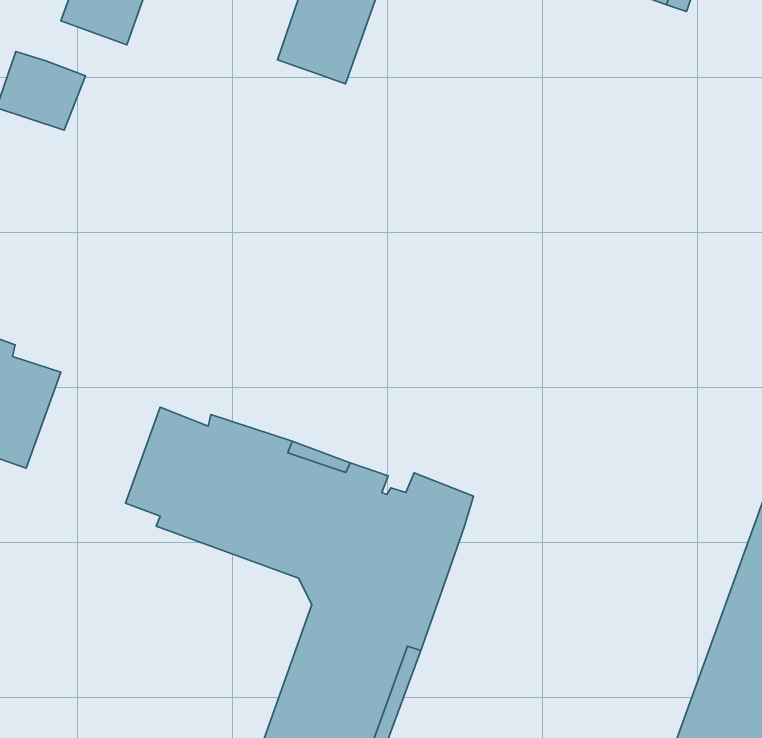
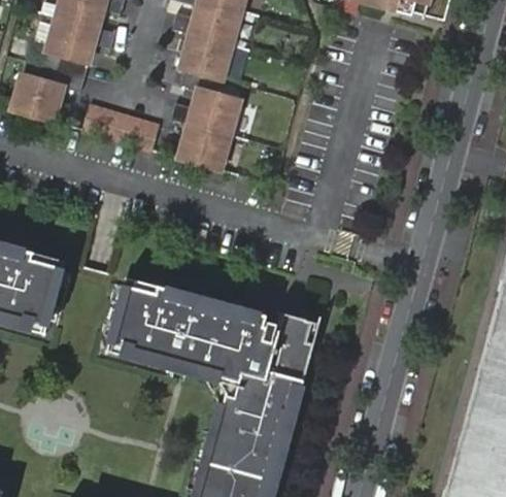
building: none -> [179,88,241,169]
building: none -> [82,103,161,152]

